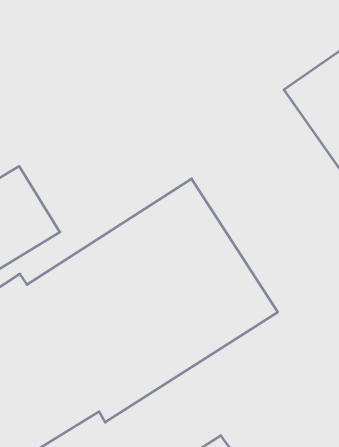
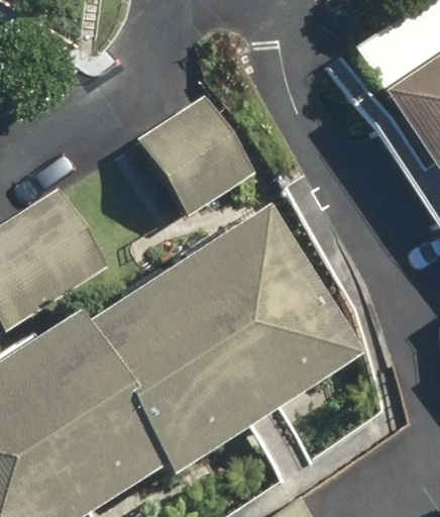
building: none -> [133,86,260,219]

